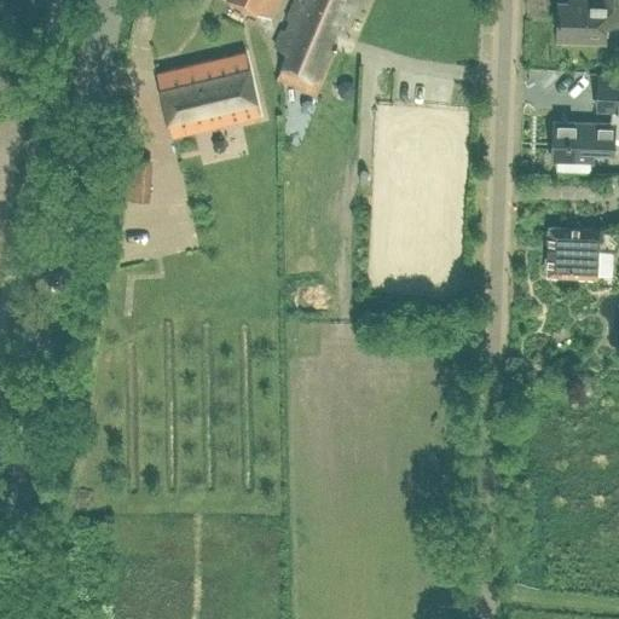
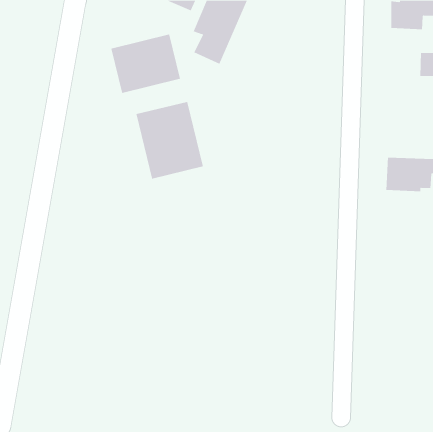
building: [554,123,613,163] -> none
building: none -> [136,101,203,179]
building: [125,161,149,201] -> none

